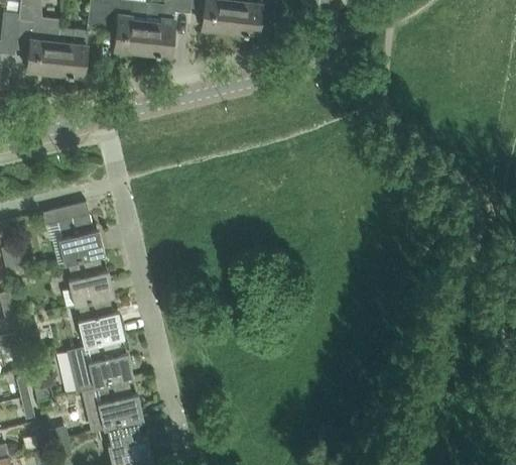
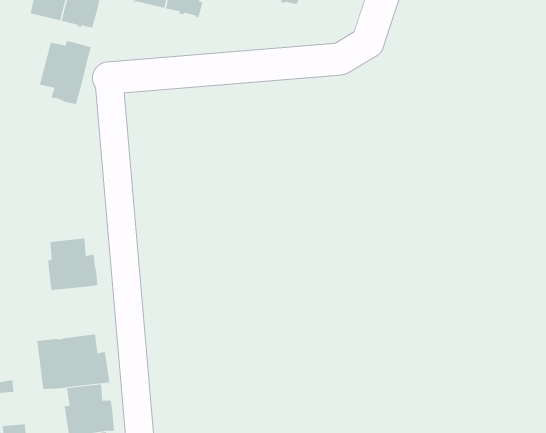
building: none -> [39,41,92,105]
building: [43,203,104,265] -> none
building: [77,299,124,347] -> none

